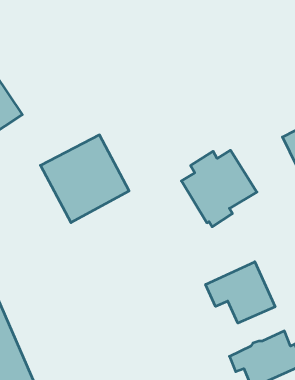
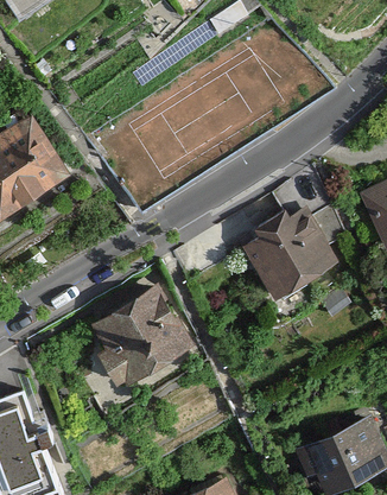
building: [40,135,129,223] -> [90,297,194,399]
building: [206,262,275,323] -> none

